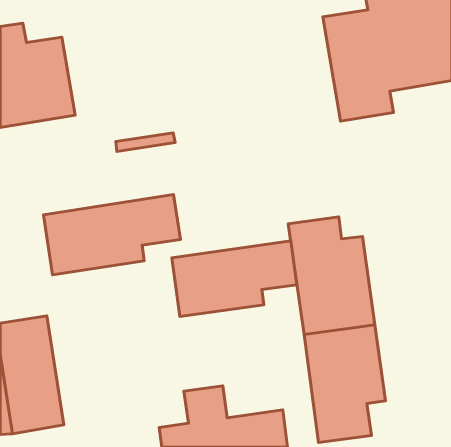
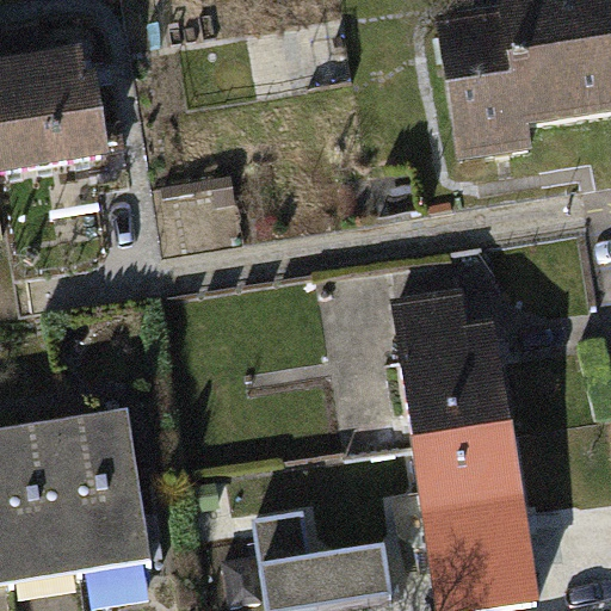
building: [44,195,180,275] -> none
building: [172,241,297,316] -> none
building: none -> [64,415,158,573]

